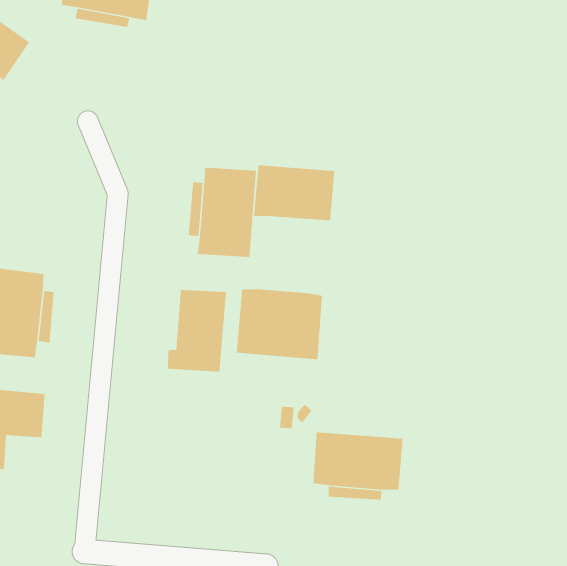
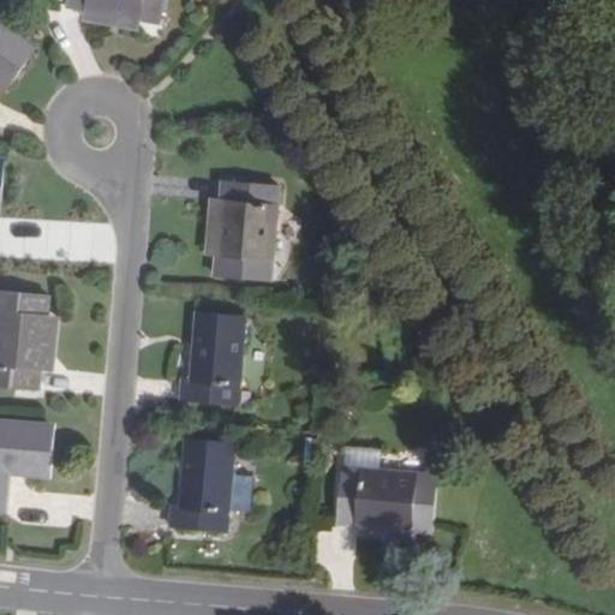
building: [253,165,335,221] -> none
building: [236,289,323,360] -> none
building: none -> [169,438,234,529]

